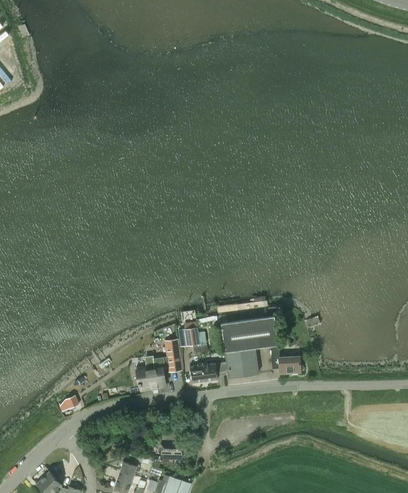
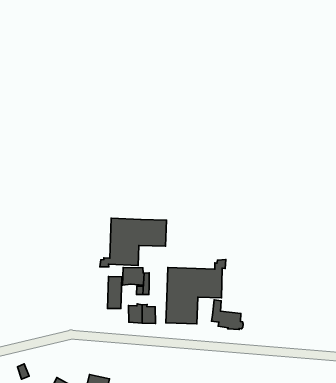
building: none -> [100,218,166,267]
building: [136,367,165,391] -> none

